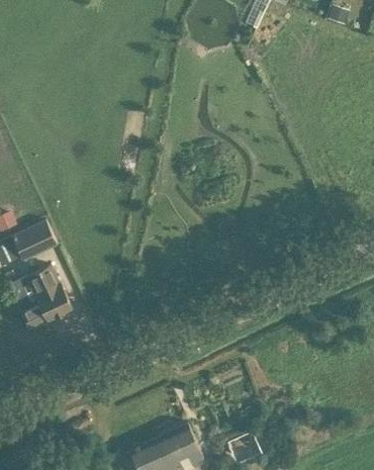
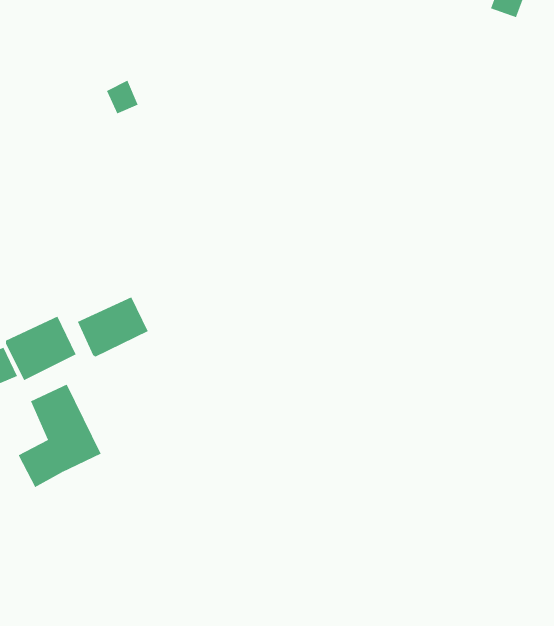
building: none -> [77,296,148,358]

